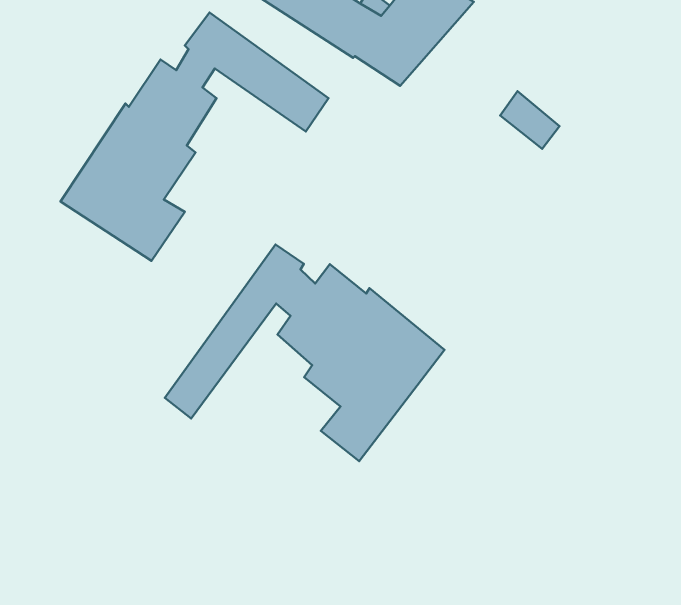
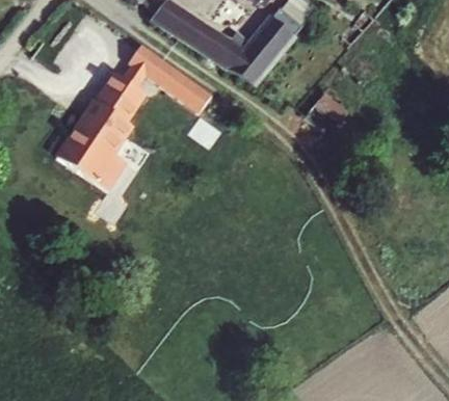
building: [165,244,445,461] -> none

